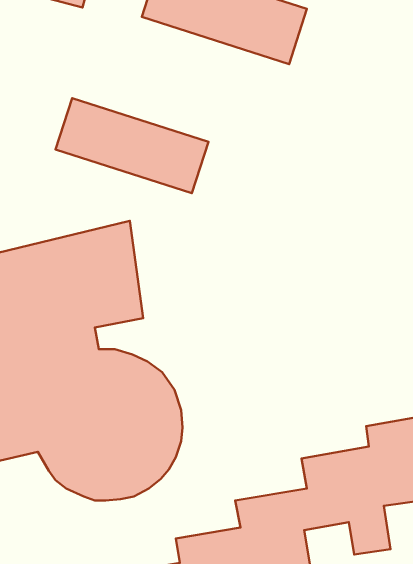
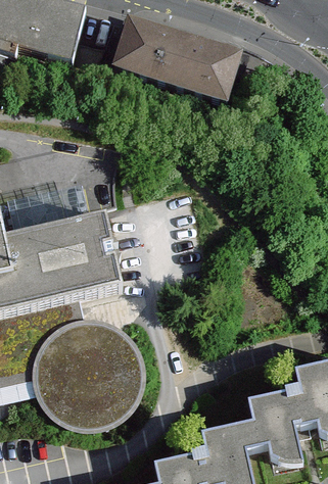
building: [56,98,208,193] -> none

